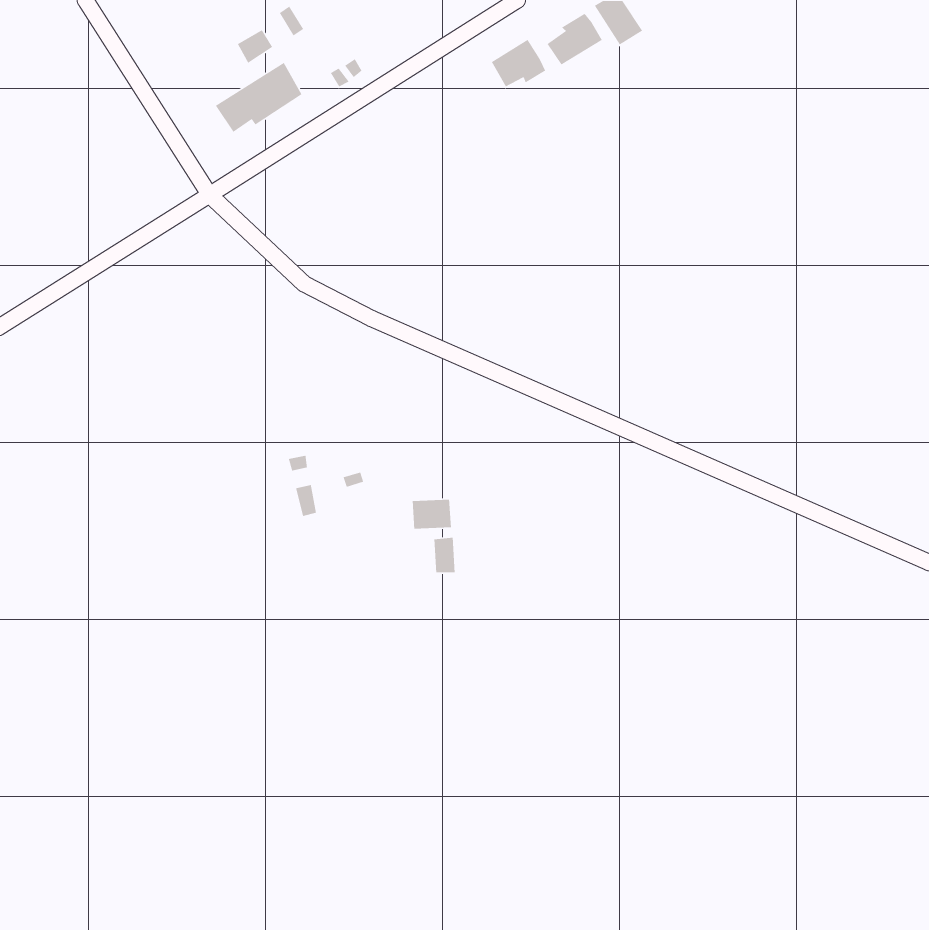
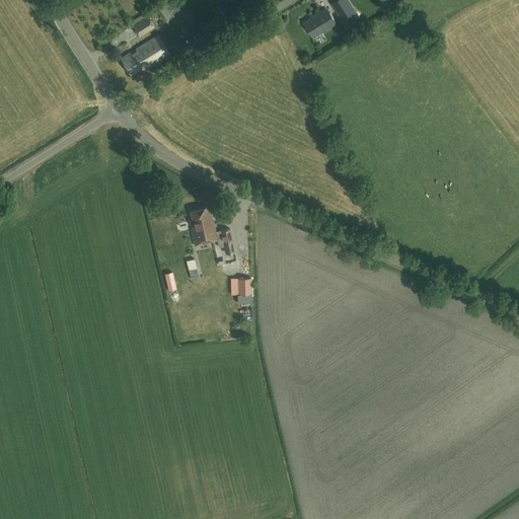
building: [491,39,546,87] -> none
building: none -> [189,206,233,252]

